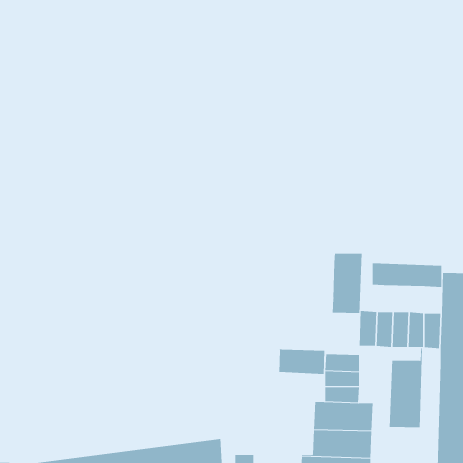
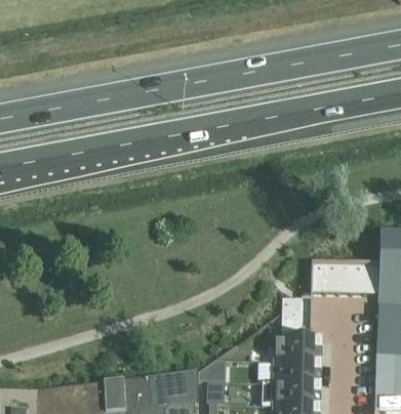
building: [332,253,362,314] -> none
building: [372,263,442,288] -> none
building: [389,348,422,428] -> none
building: [271,348,325,375] -> none

